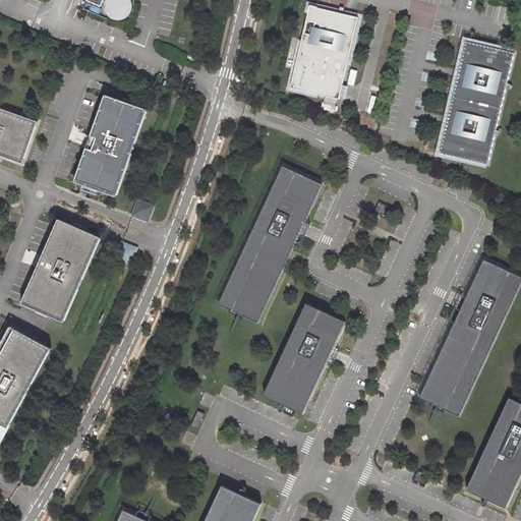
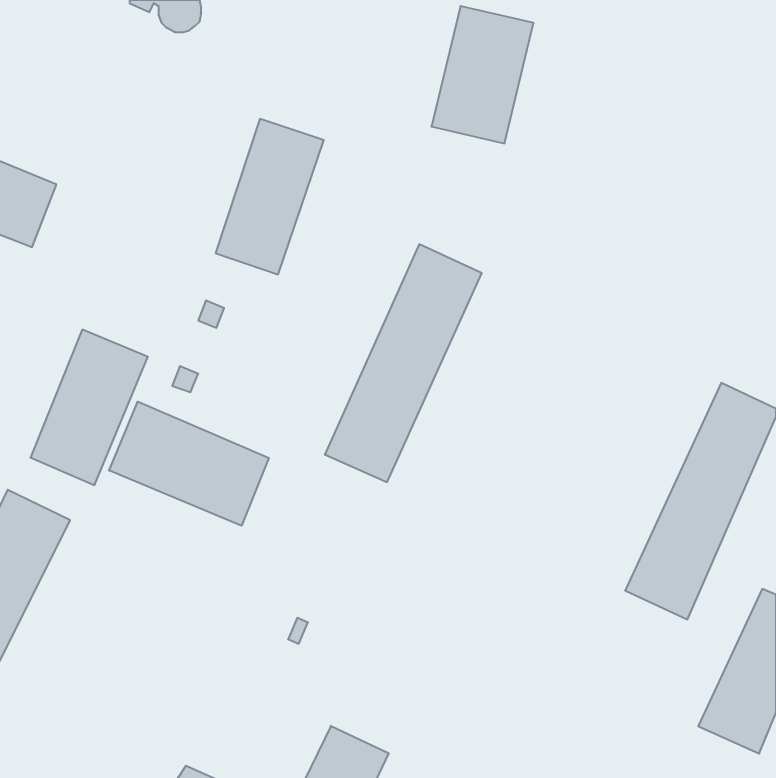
building: [440,42,514,164] -> none
building: [74,94,147,197] -> [216,119,324,274]
building: none -> [109,402,269,526]
building: [264,303,345,414] -> none

